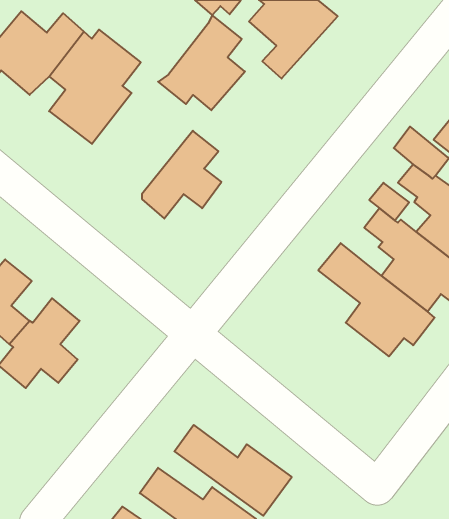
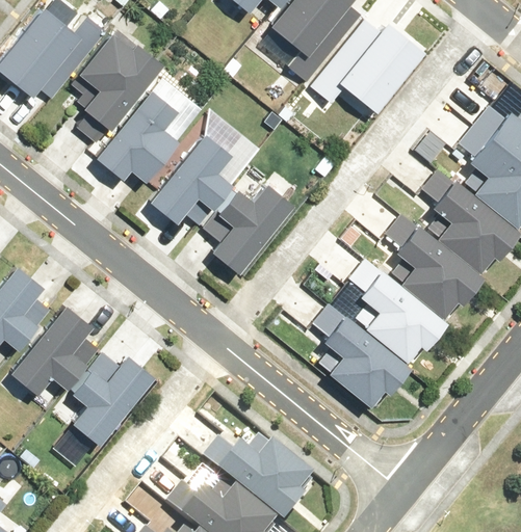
building: [158,15,245,110] -> [97,87,185,184]
building: none -> [301,18,415,107]
building: none -> [216,184,297,272]
building: none -> [299,296,420,407]
building: none -> [73,356,155,445]

